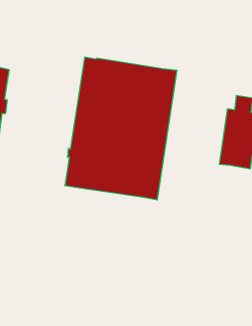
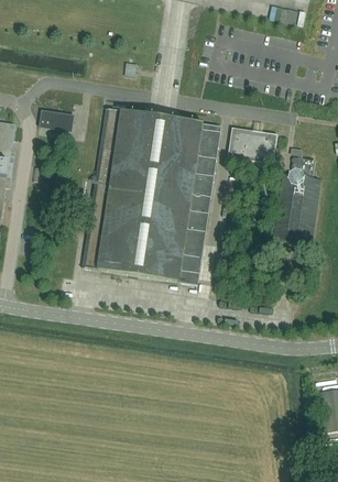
building: none -> [40,109,74,130]
building: none -> [228,125,277,163]

